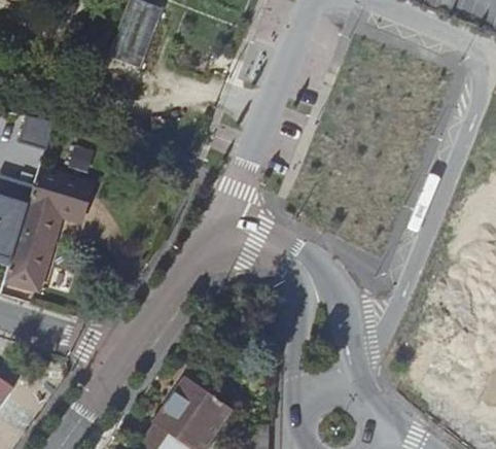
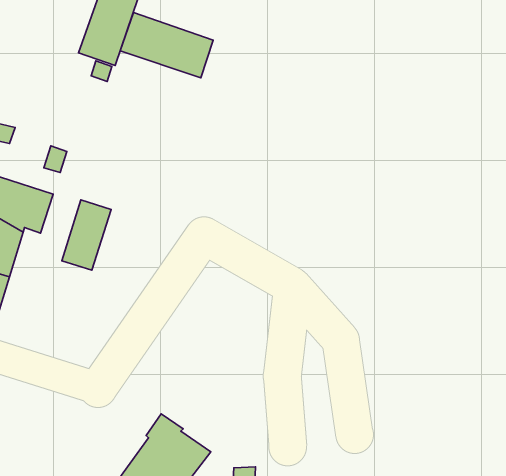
building: none -> [120,13,213,78]
building: none -> [62,200,111,270]

